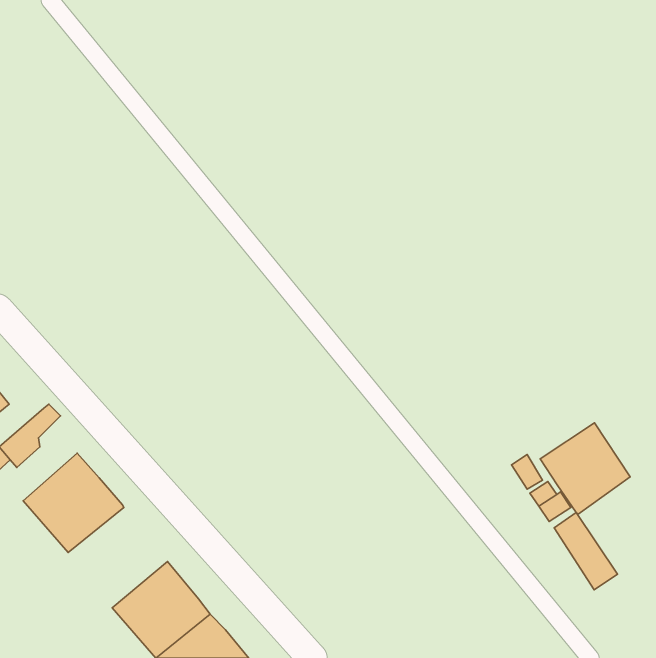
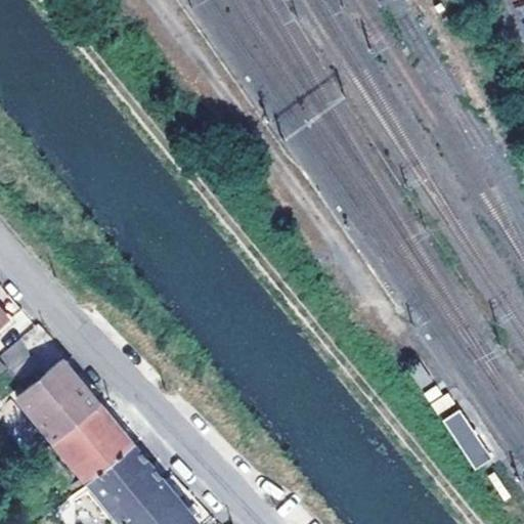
building: [540,423,630,514] -> none
building: none -> [54,403,133,483]

